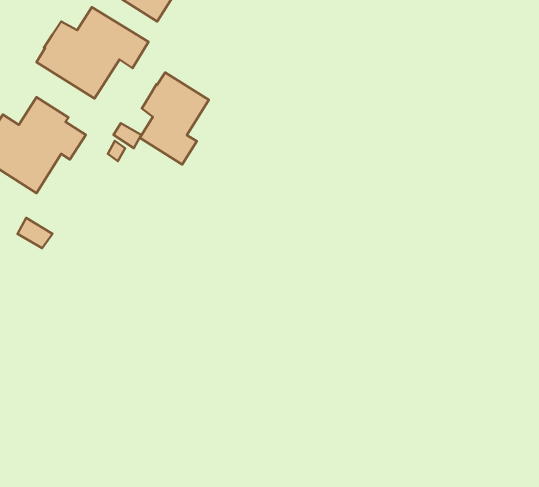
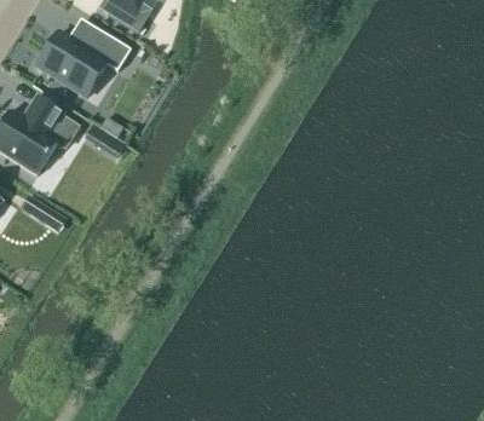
building: [140,72,209,165] -> none

